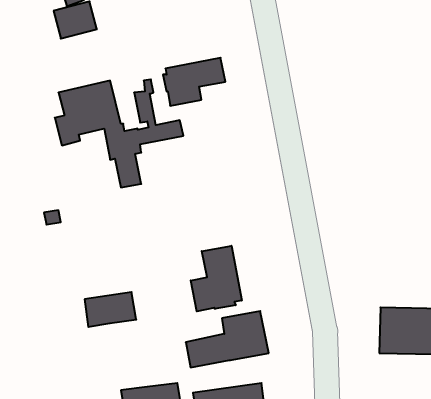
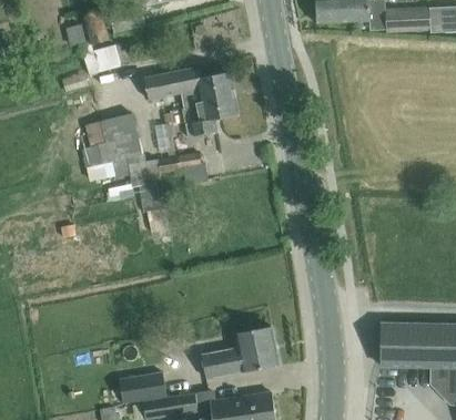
building: none -> [144,66,234,102]
building: [191,246,242,311] -> none
building: [85,292,136,327] -> [119,370,166,402]

